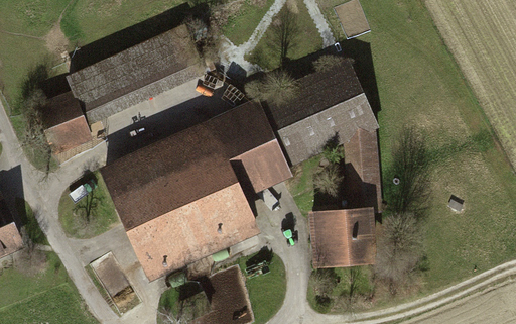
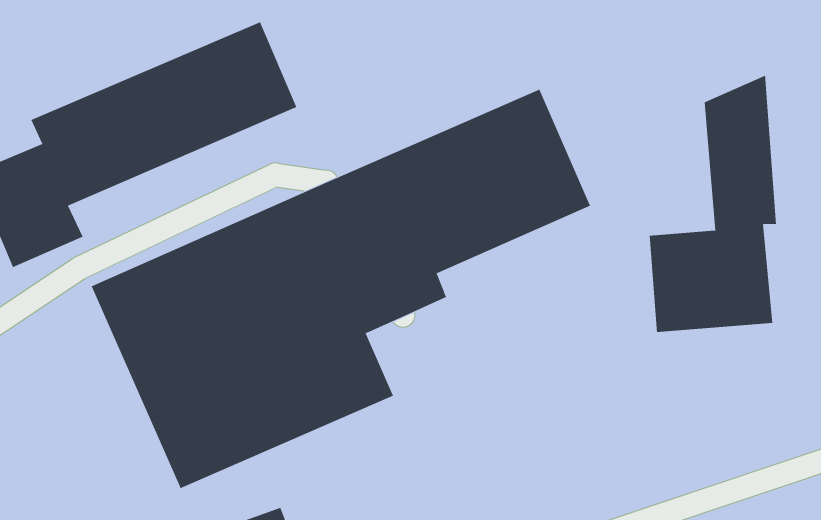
building: [310,124,381,266] -> [649,75,777,332]

